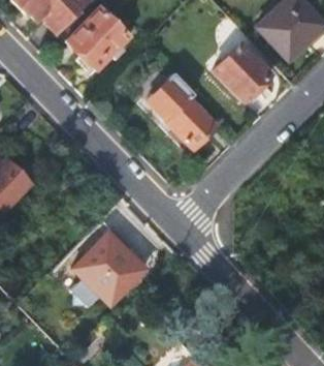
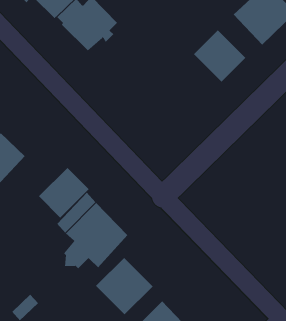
building: [147,75,221,152] -> none
building: none -> [38,167,90,218]
building: none -> [95,257,153,315]

